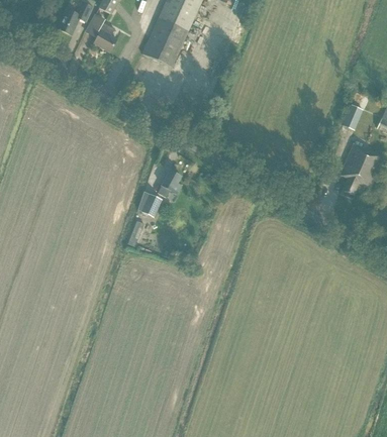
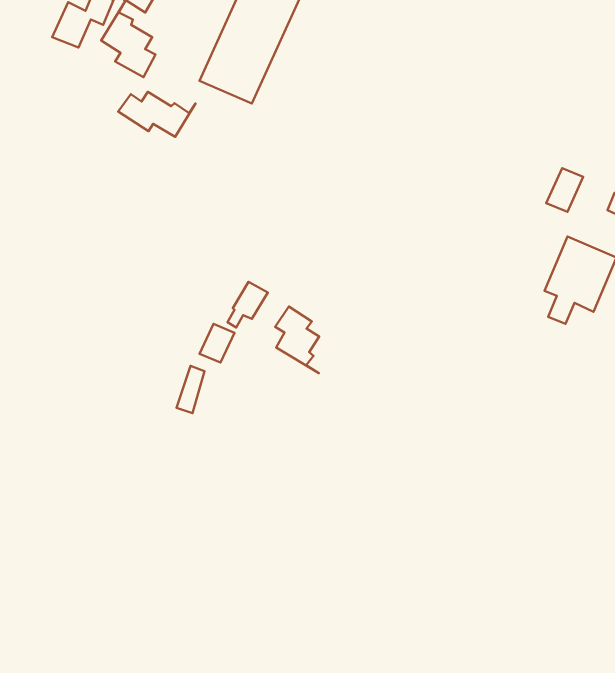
building: none -> [118,92,196,137]
building: none -> [275,306,319,373]

